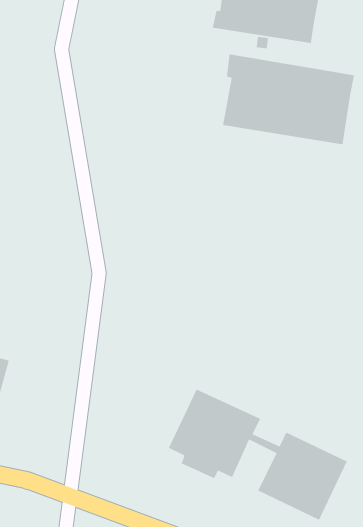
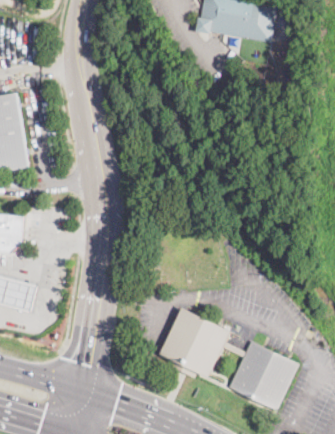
building: [222,54,355,145] -> none

